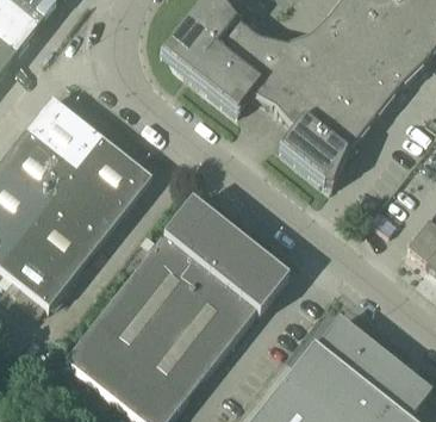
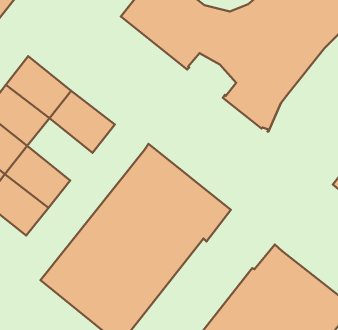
building: [50,168,126,241] -> none

